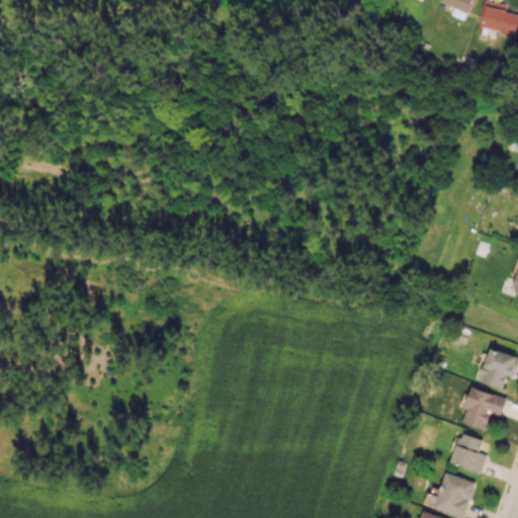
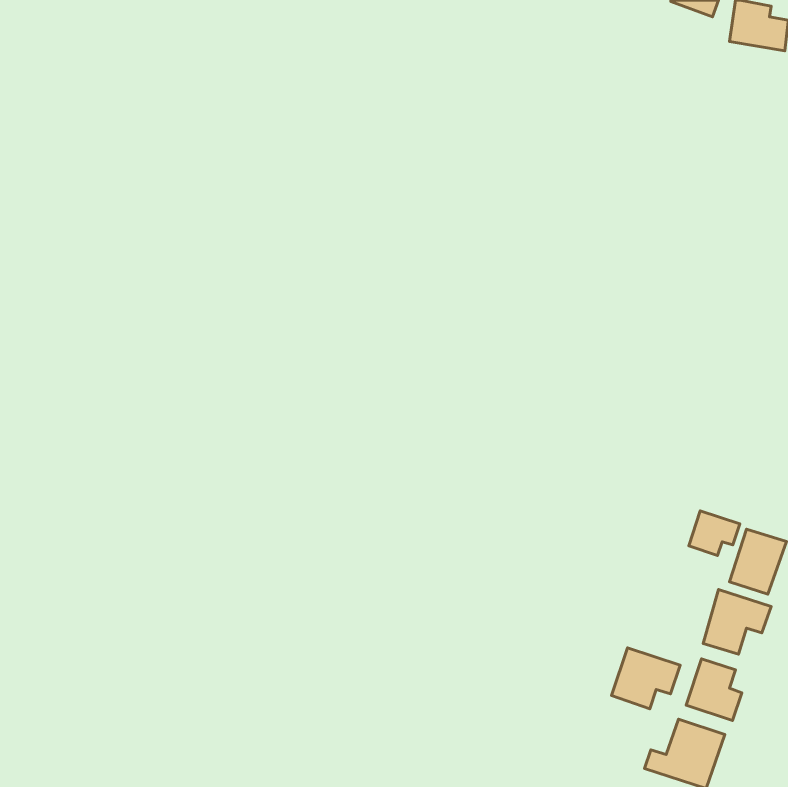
building: none -> [689,511,740,556]
building: none -> [612,648,680,709]

